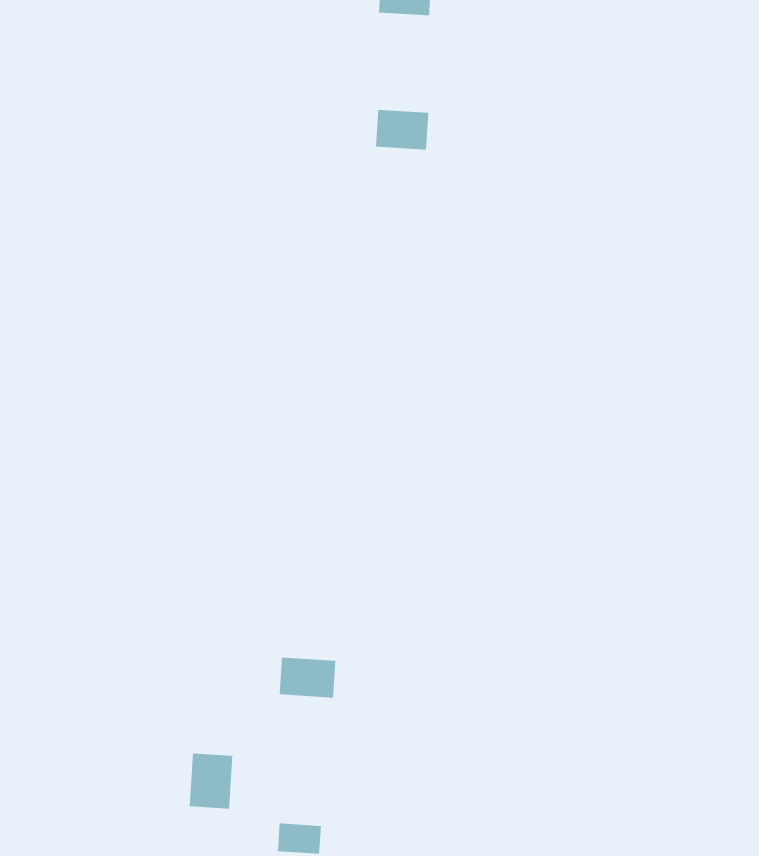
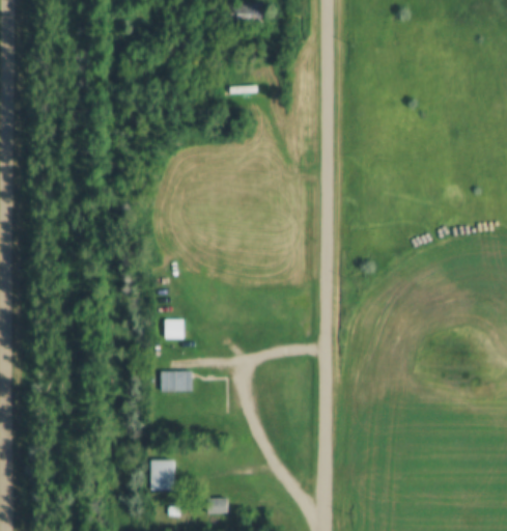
building: none -> [164,319,184,339]
building: [279,657,336,698] -> [160,371,192,393]

